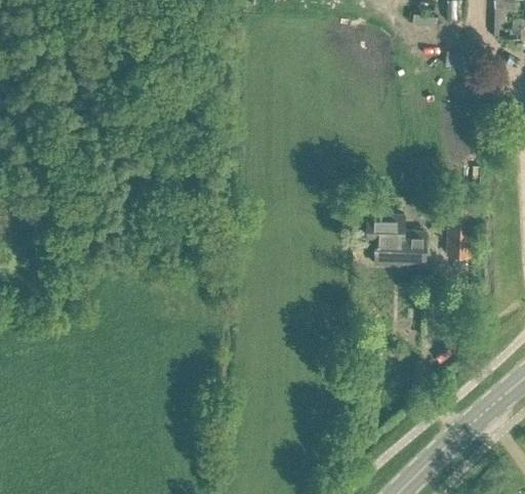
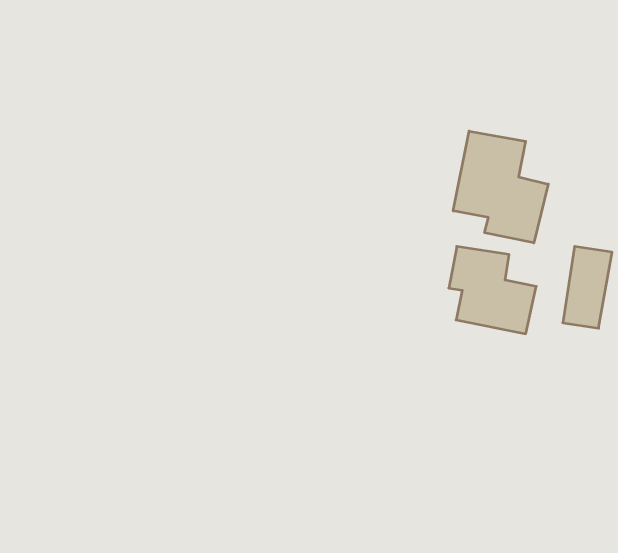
building: none -> [453,131,548,243]

